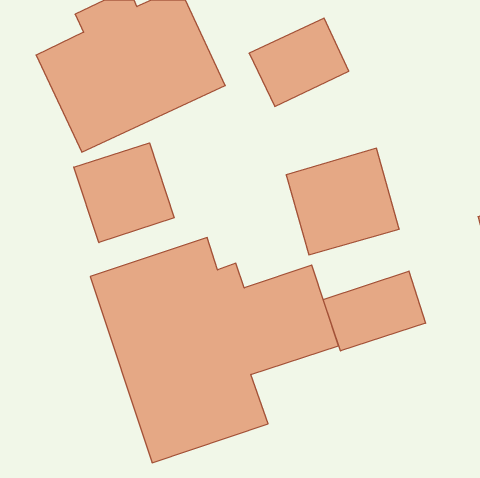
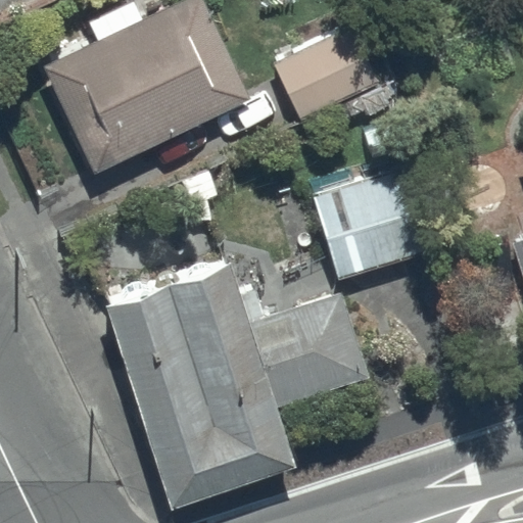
building: [74,143,174,243] -> none
building: [323,271,426,351] -> none

